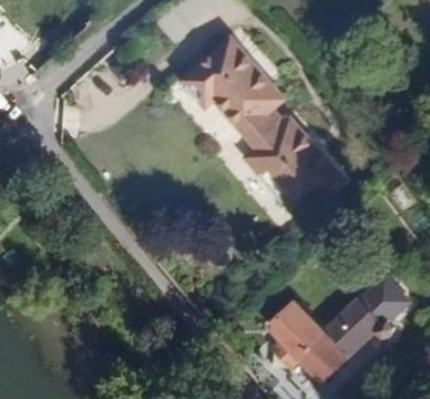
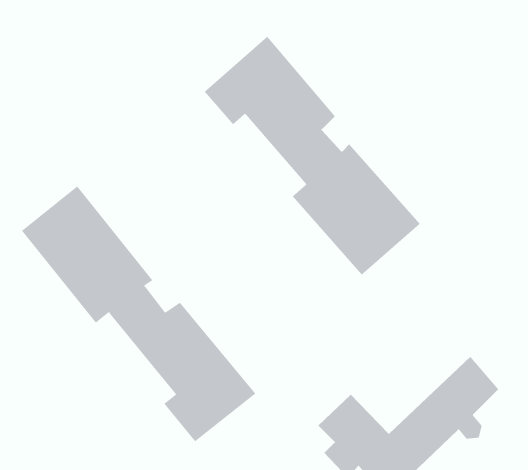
building: none -> [21,186,256,442]

